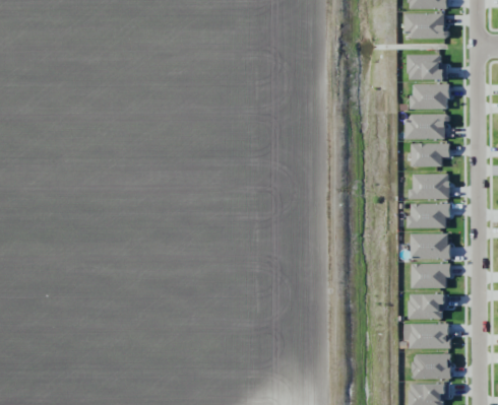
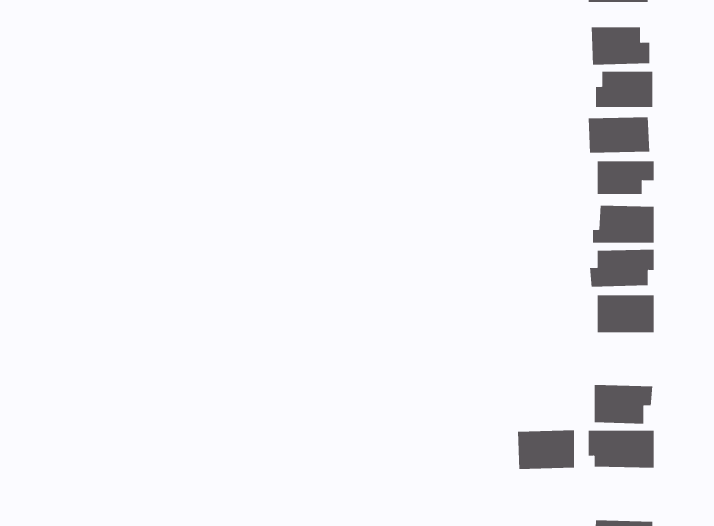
building: [412,263,451,288] -> none
building: [413,353,451,380] -> [517,430,575,469]

